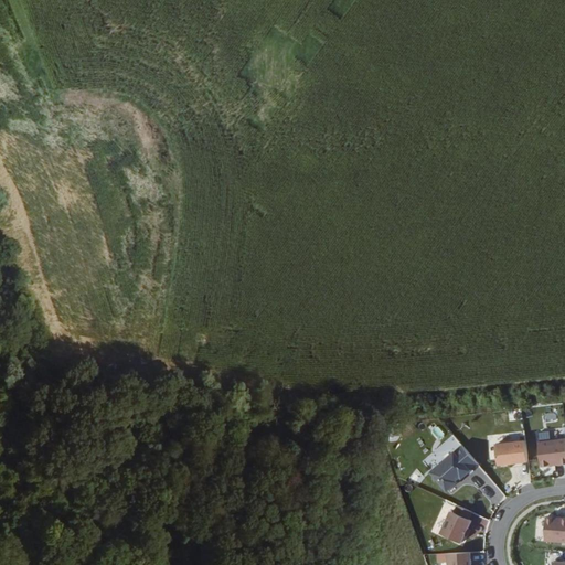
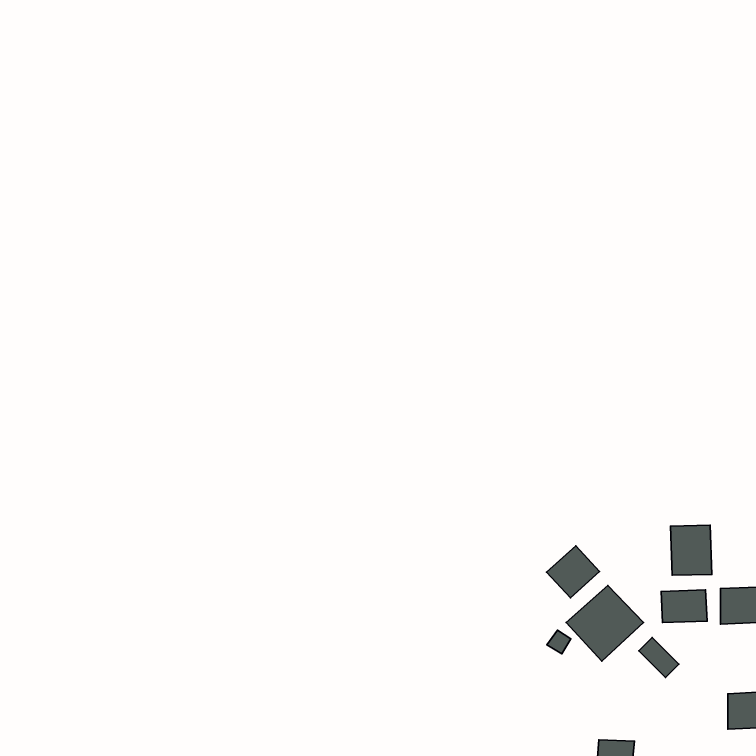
building: none -> [670,525,712,575]
building: none -> [547,546,600,598]
building: [438,504,472,544] -> none

